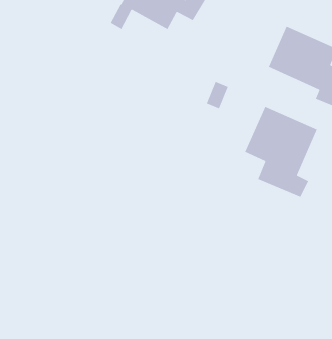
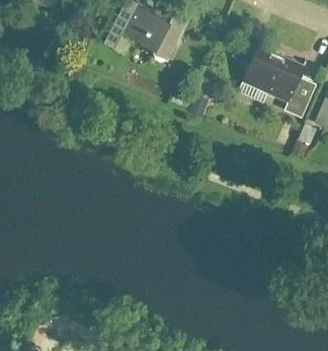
building: [244,106,318,198] -> none

